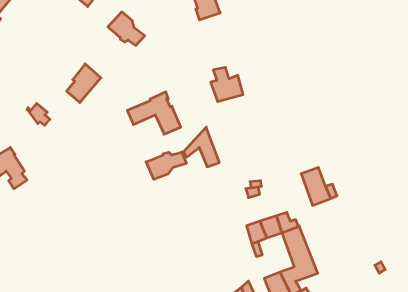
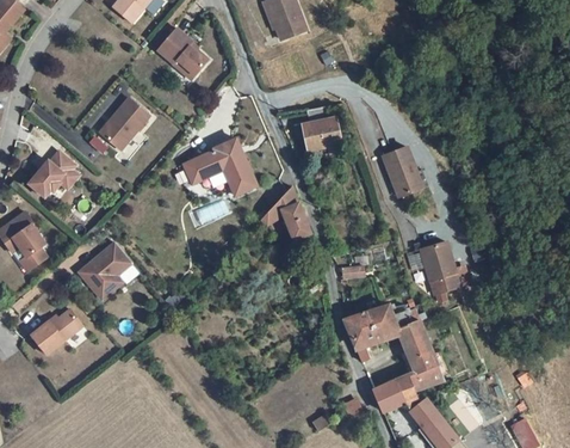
building: none -> [383,145,427,195]
building: none -> [30,160,62,195]
building: [146,152,186,179] -> none
building: none -> [81,245,131,301]
building: none -> [38,312,89,357]

